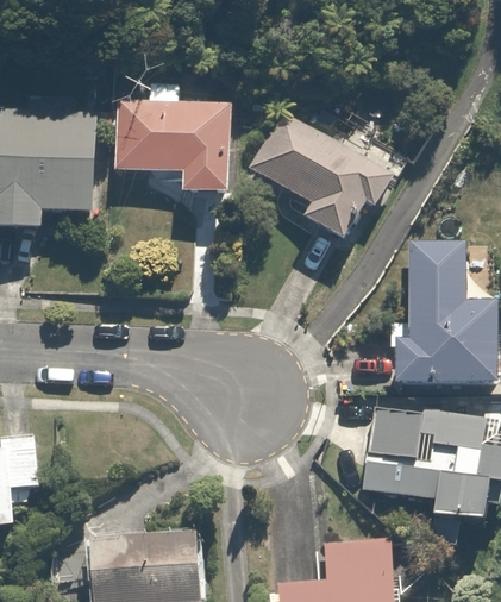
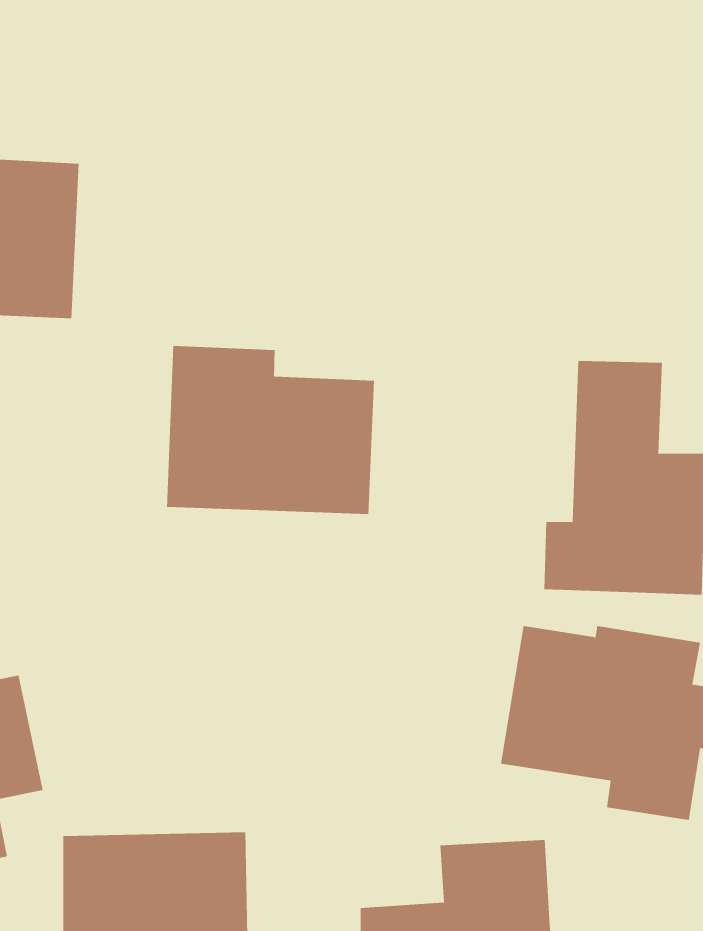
building: [114,79,236,194] -> none
building: [250,113,392,250] -> none
building: none -> [166,345,375,515]

